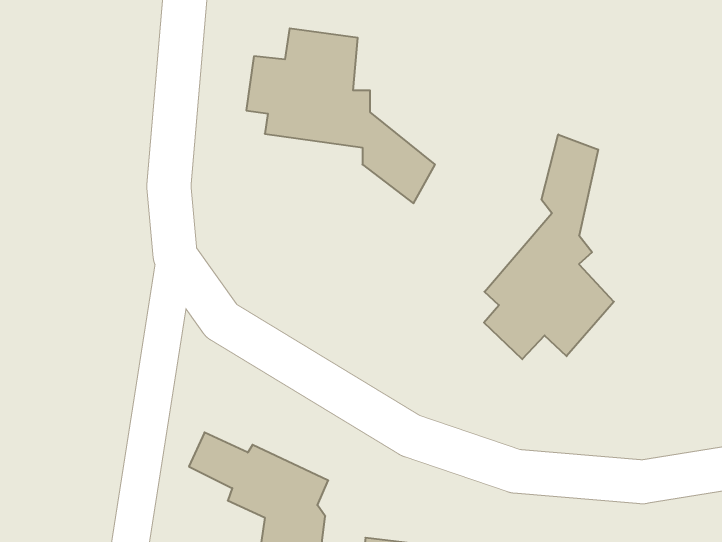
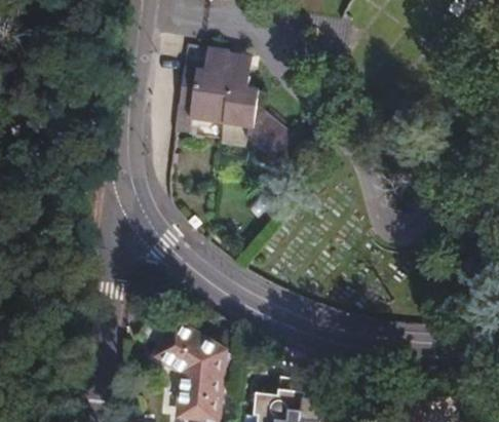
building: [484,134,614,359] -> none

